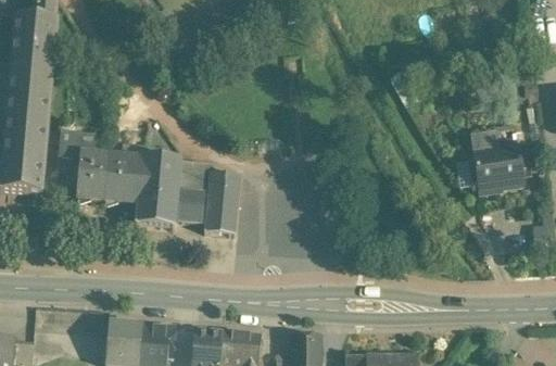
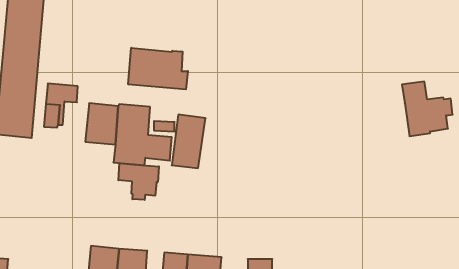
building: none -> [128,48,188,89]
building: [75,154,108,201] -> none
building: none -> [118,163,159,200]

